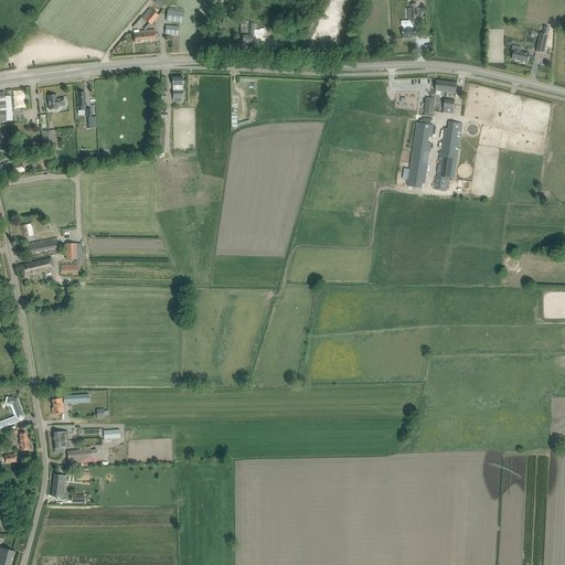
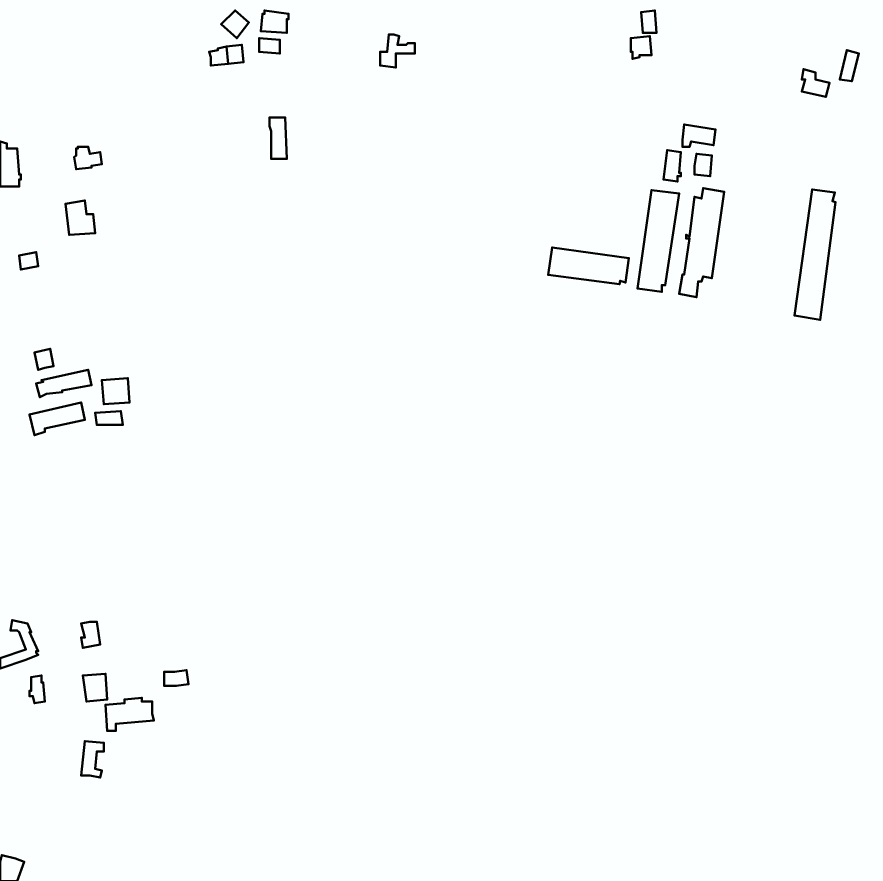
building: none -> [795,189,836,320]
building: none -> [548,247,629,284]

